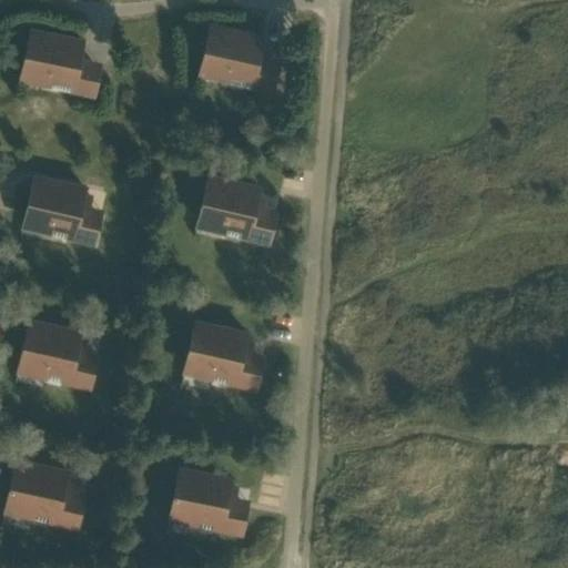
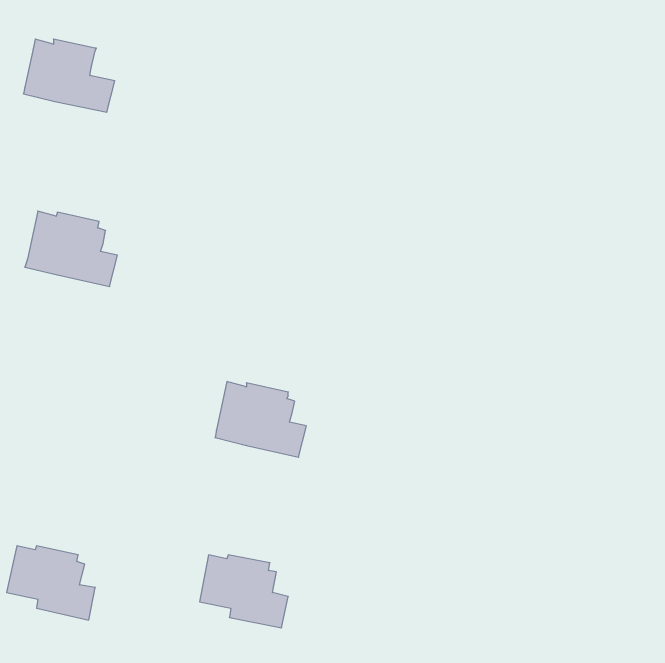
building: [200,31,277,94] -> none
building: [196,182,275,246] -> none
building: [18,326,95,390] -> none

